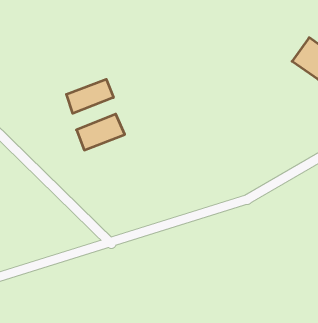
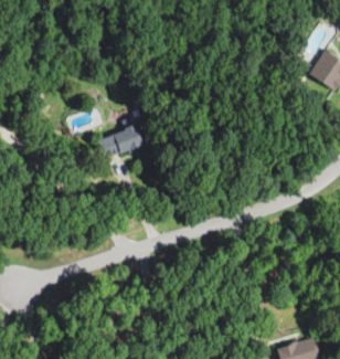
building: [66,79,113,113] -> none

